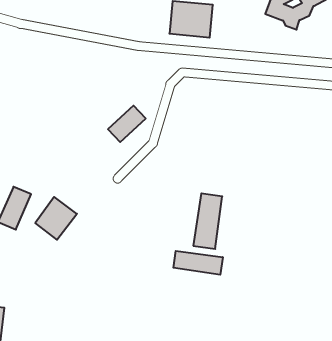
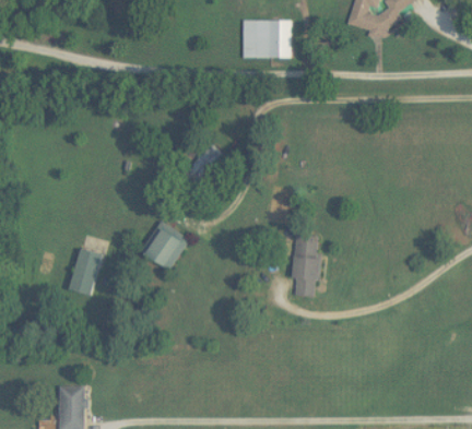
building: [35,197,77,240] -> [143,222,189,270]
building: [173,251,223,275] -> none

